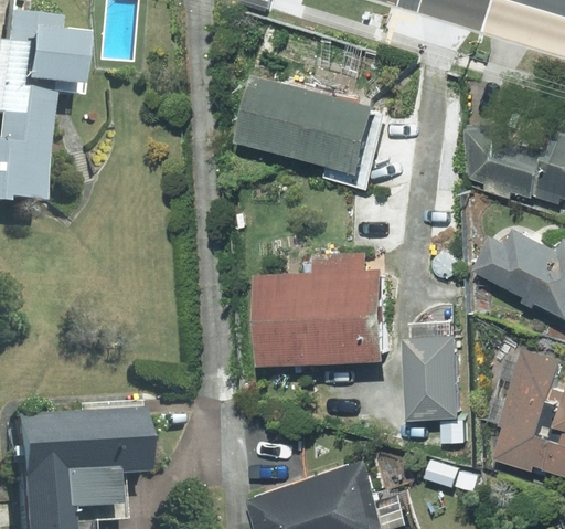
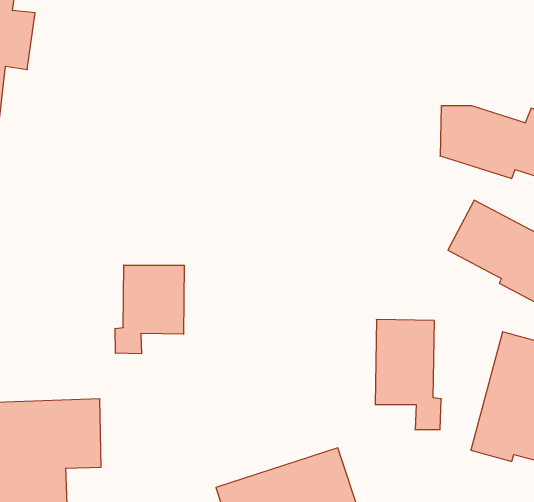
building: [234,72,391,191] -> none
building: [258,254,384,363] -> none
building: none -> [115,265,184,354]

